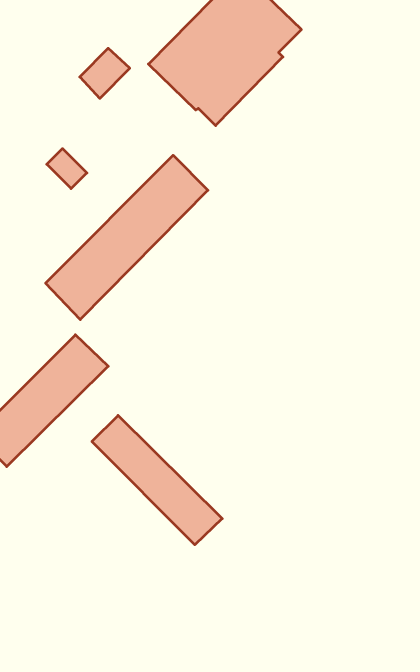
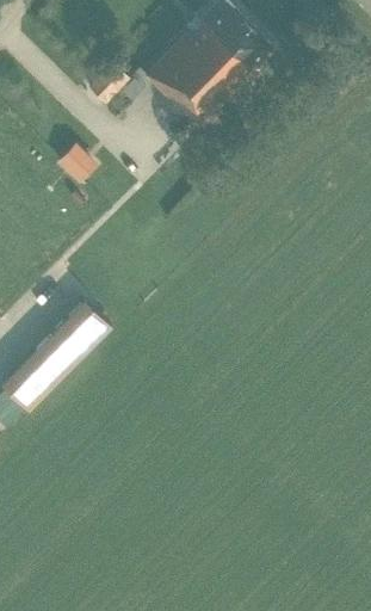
building: [46,155,208,320] -> none
building: [92,415,222,545] -> none

